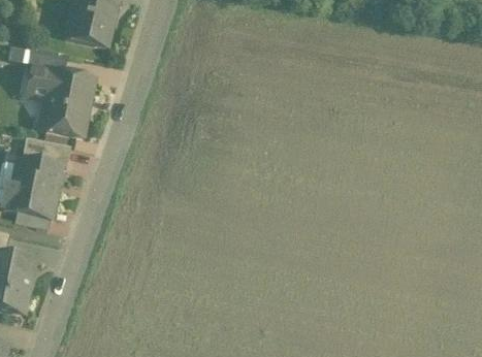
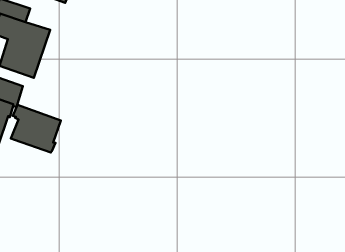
building: none -> [11,105,61,152]

